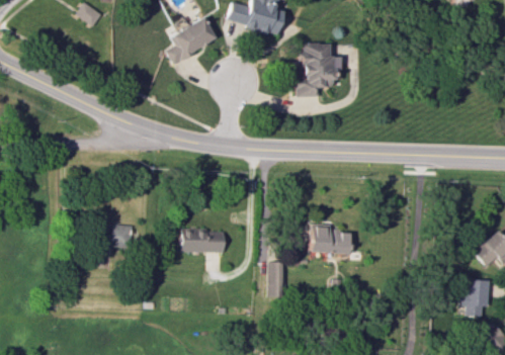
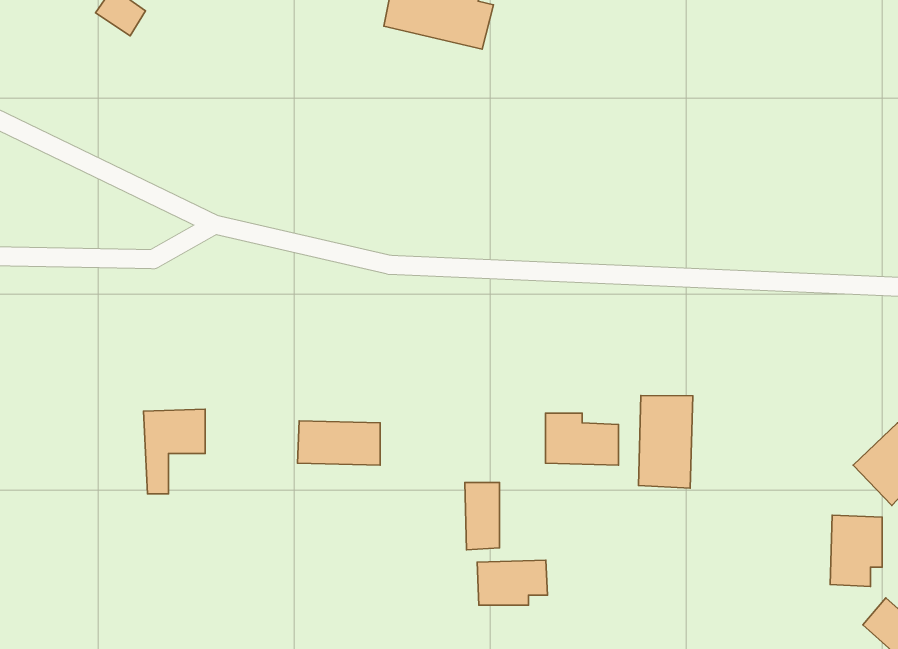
building: [166,18,216,63] -> none
building: [298,42,334,97] -> none
building: none -> [638,395,693,488]
building: none -> [477,560,548,605]

